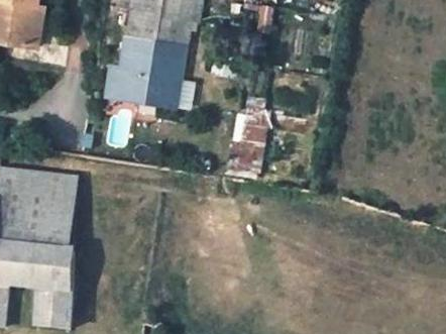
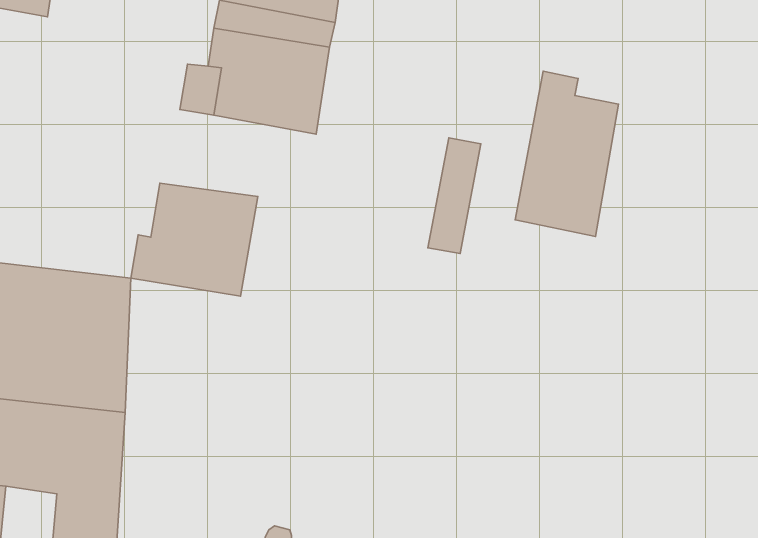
building: none -> [515,71,618,237]
building: none -> [131,183,258,296]

